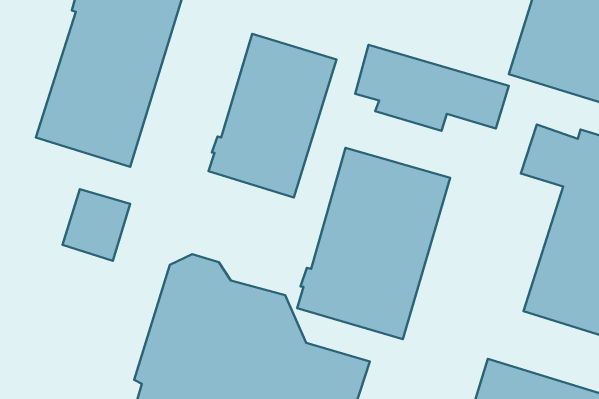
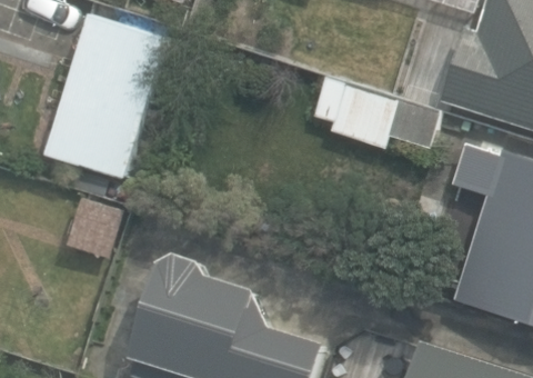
building: [209,34,336,197] -> none
building: [297,148,450,339] -> none

